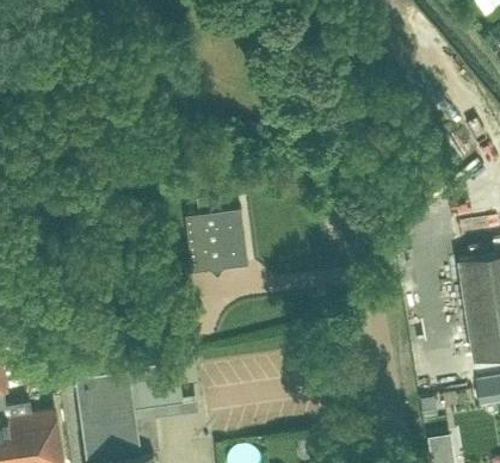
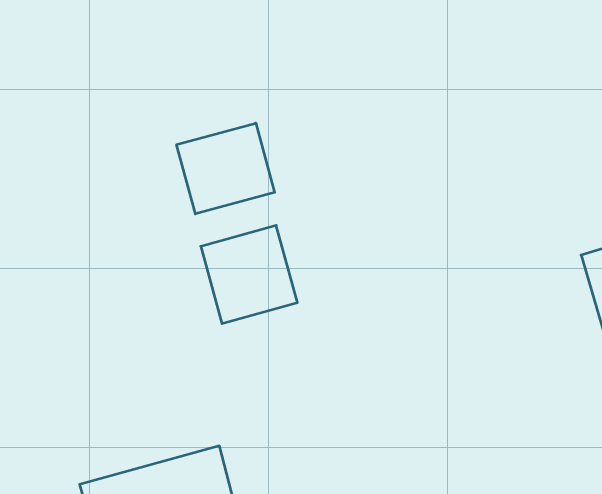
building: none -> [177,123,275,214]

